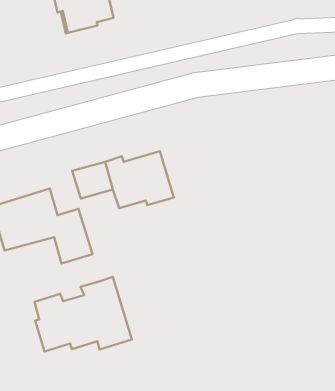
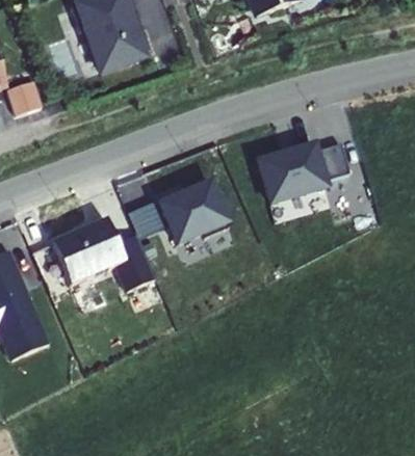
building: none -> [253,150,344,212]
building: [34,277,132,352] -> none

